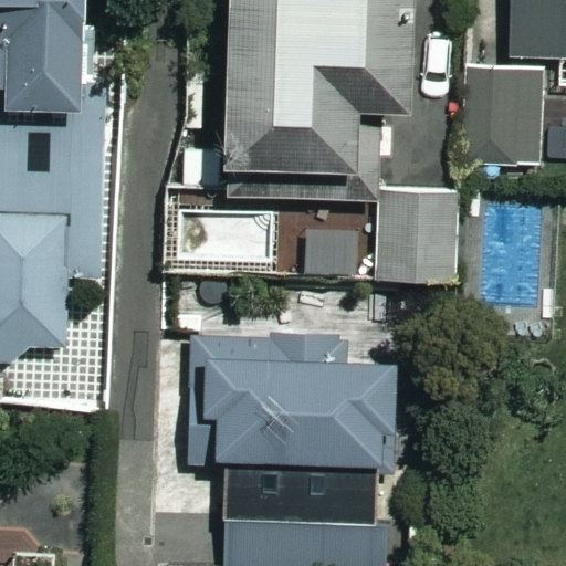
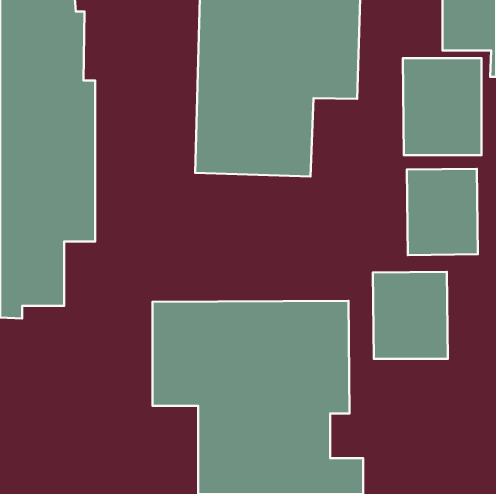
building: [377,185,458,283] -> [407,169,478,255]
building: none -> [373,272,448,359]

